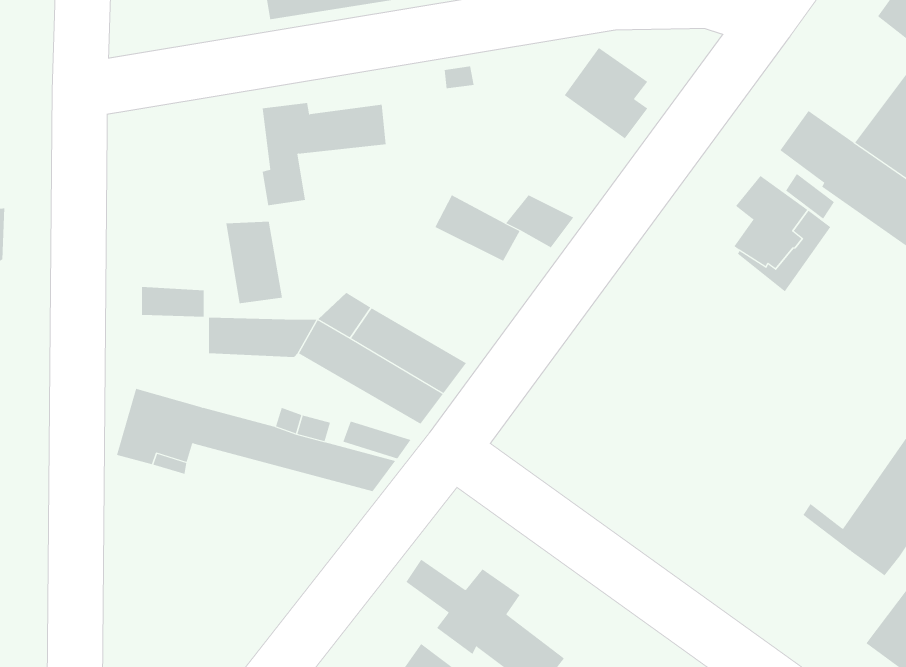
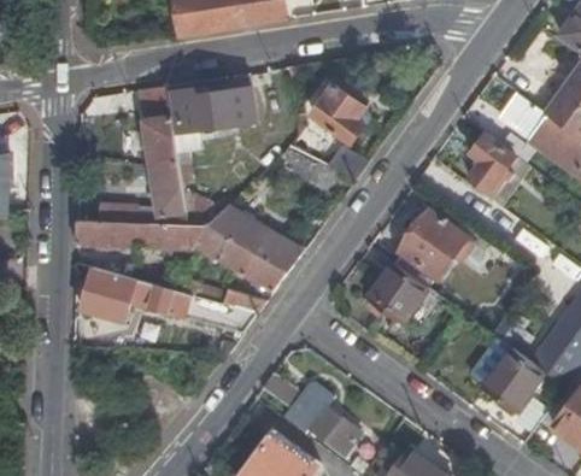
building: [564,47,648,139] -> [311,82,364,140]
building: none -> [139,86,177,163]
building: none -> [398,207,468,277]
building: none -> [76,219,136,245]
building: none -> [366,260,427,321]
building: none -> [480,345,542,411]

